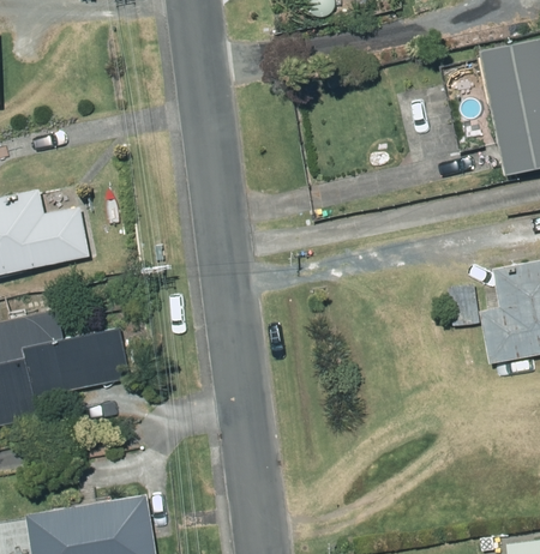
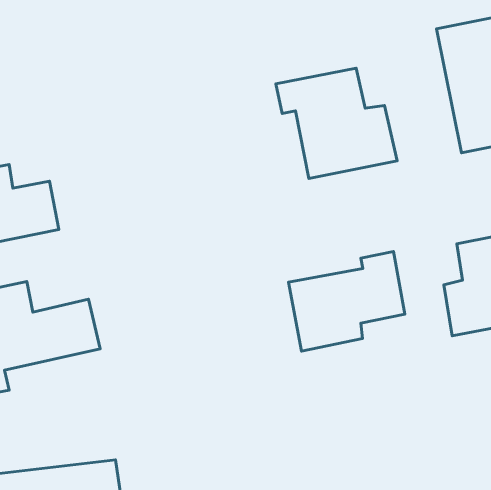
building: none -> [276,68,397,178]
building: none -> [288,252,405,351]

